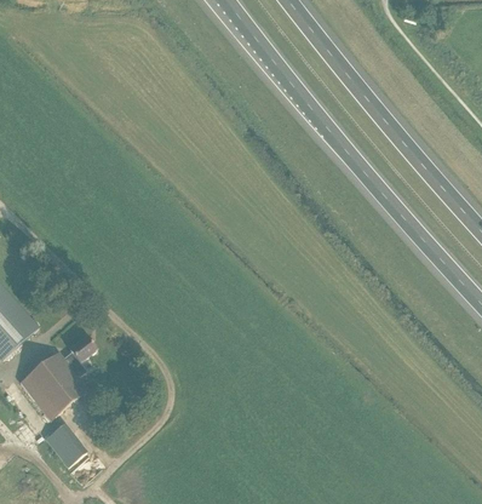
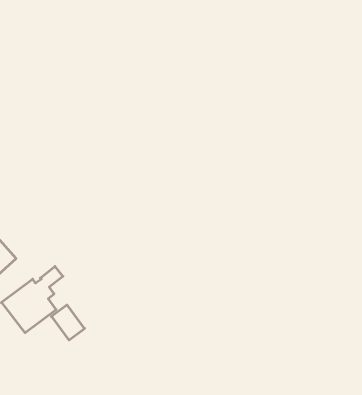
building: [45,422,86,465] -> [51,305,85,340]

